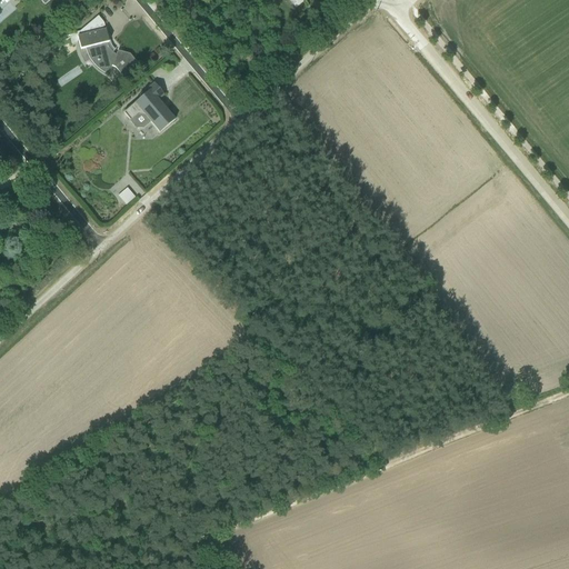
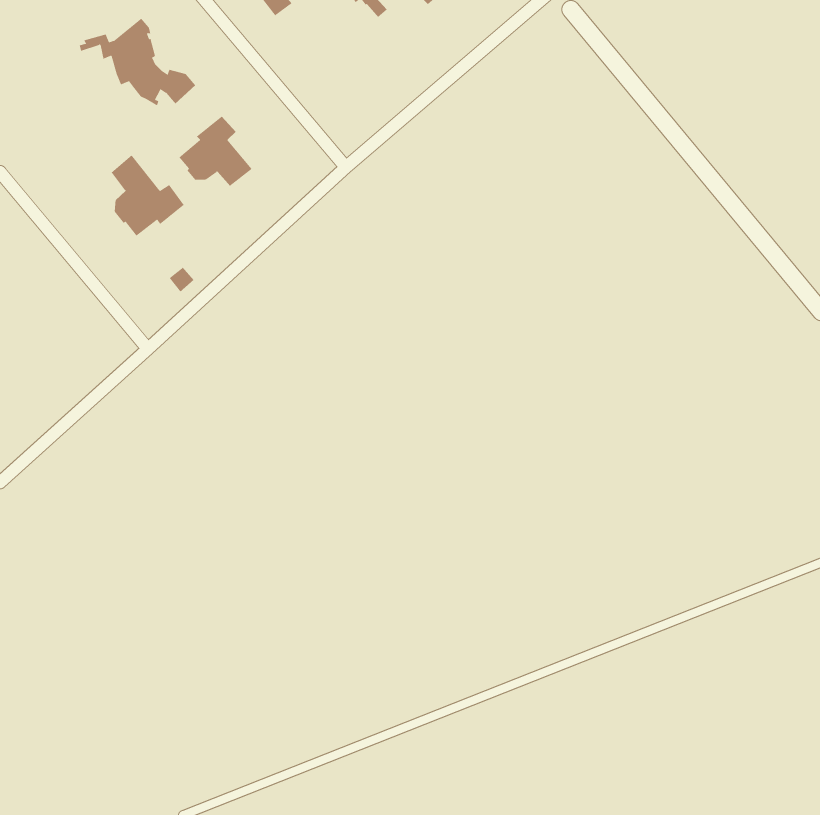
building: none -> [111,155,185,236]

